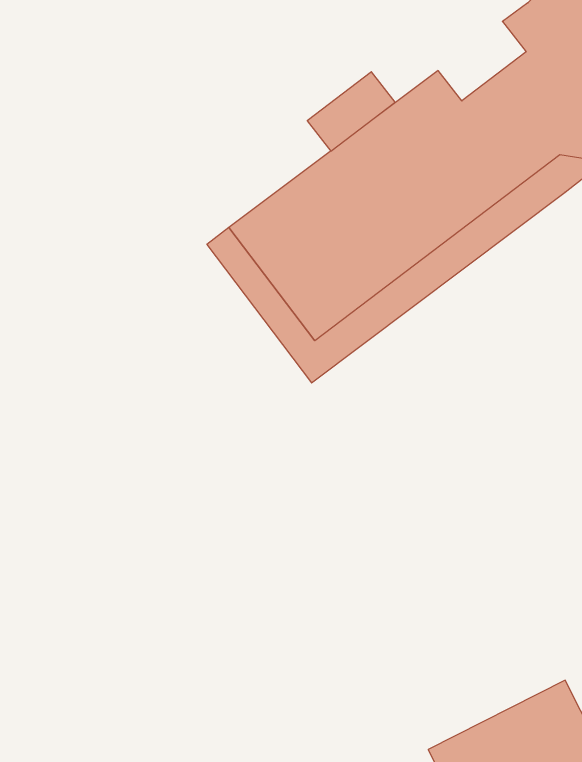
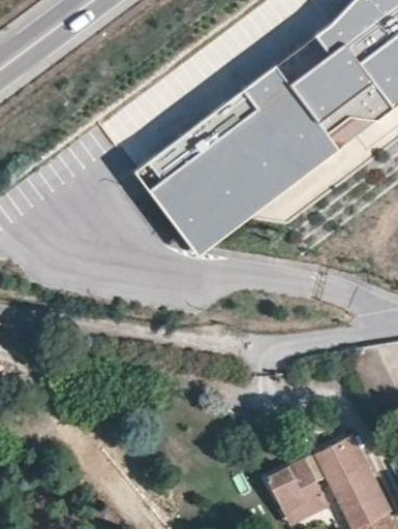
building: [307,72,395,151] -> [277,33,331,82]

